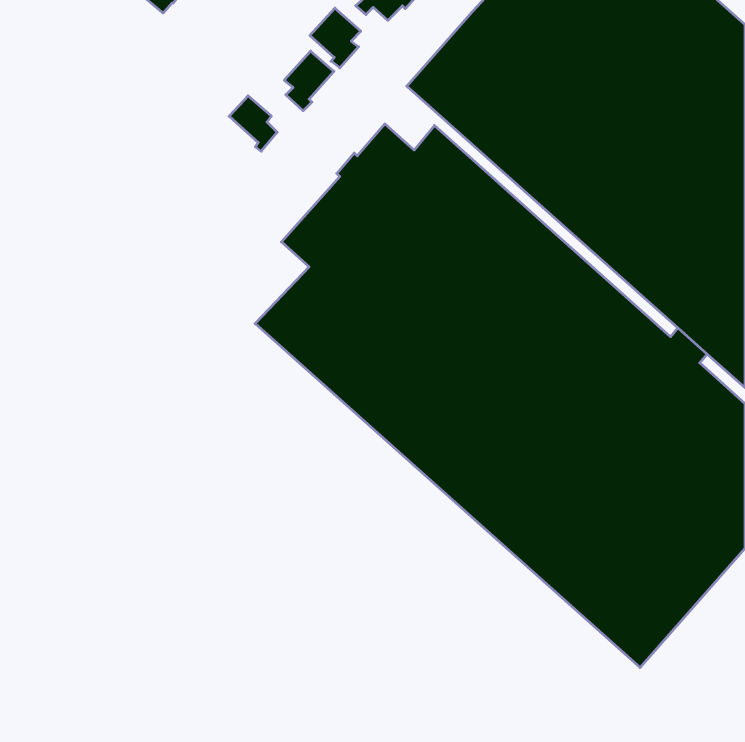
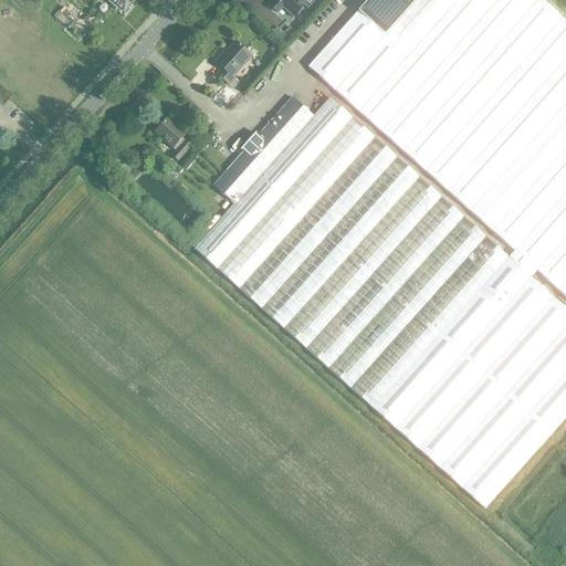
building: [310,8,361,68] -> none
building: [229,96,277,151] -> [155,115,191,157]

